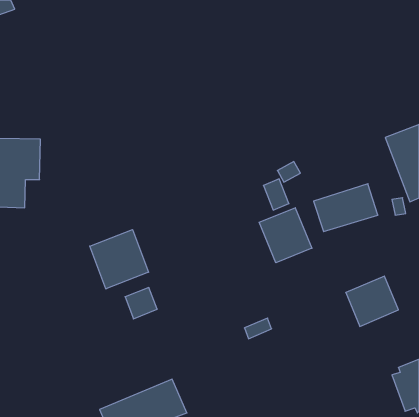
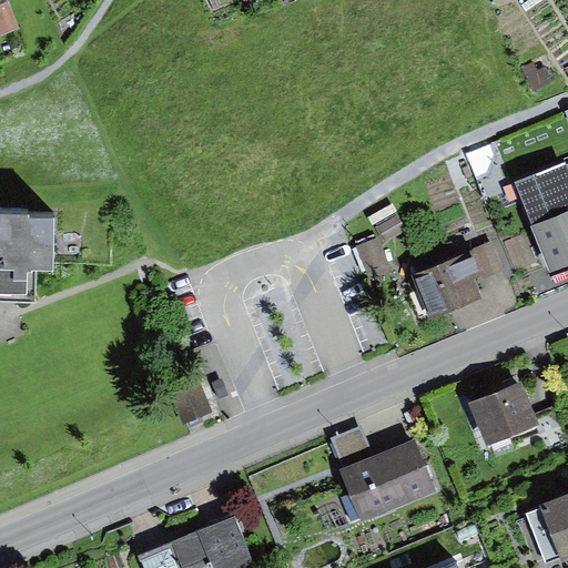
building: [259,208,312,263] -> none
building: [90,230,149,289] -> none
building: none -> [339,439,434,523]

